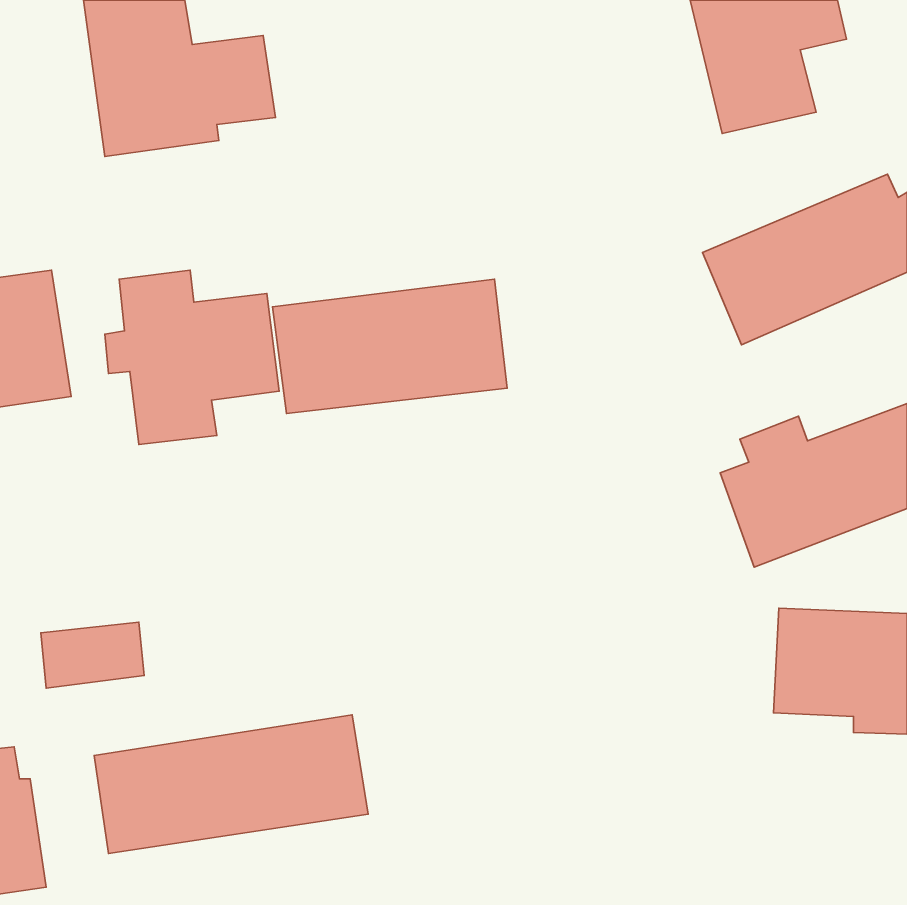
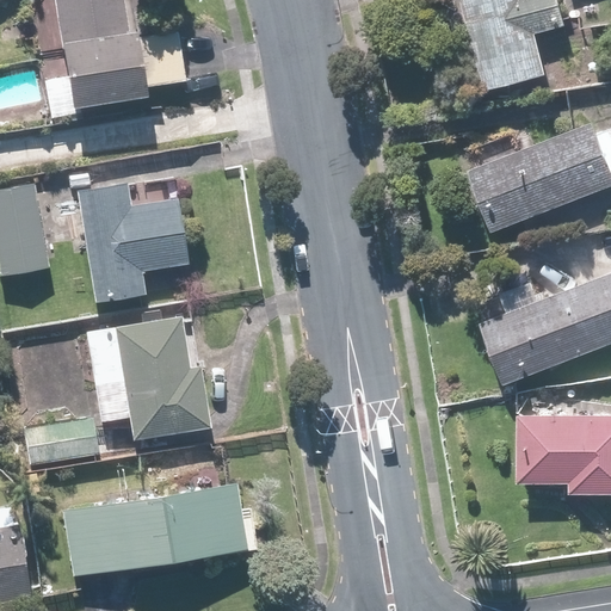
building: [273,279,507,413] -> none
building: none -> [86,317,210,438]

